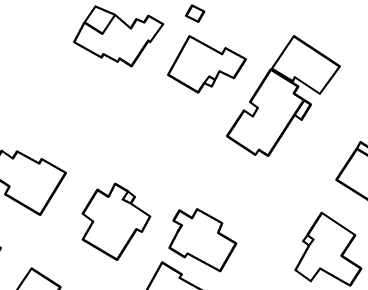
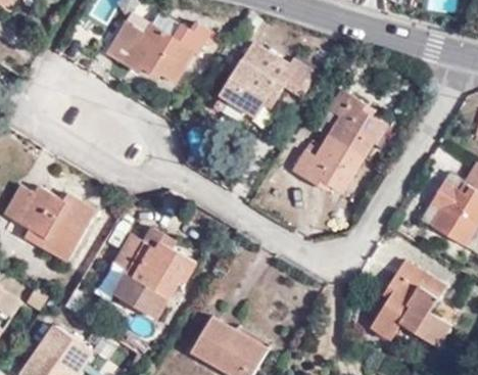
building: [272,36,340,94] -> none
building: [170,209,236,271] -> none

